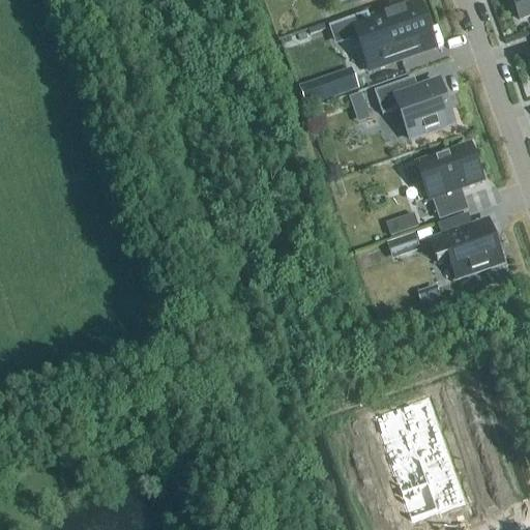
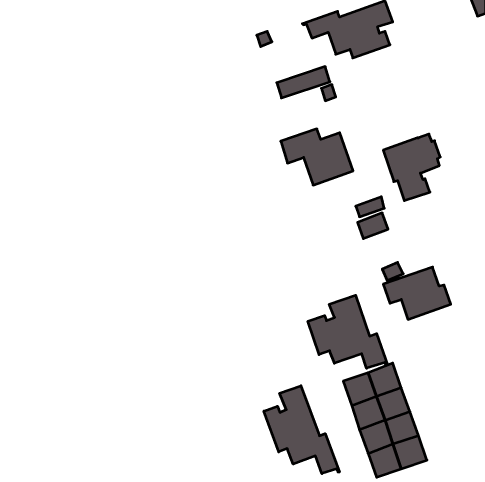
building: [376,77,454,138] -> [281,129,353,185]
building: [431,222,504,278] -> [383,267,451,319]
building: none -> [308,295,388,368]
building: none -> [264,386,339,474]

